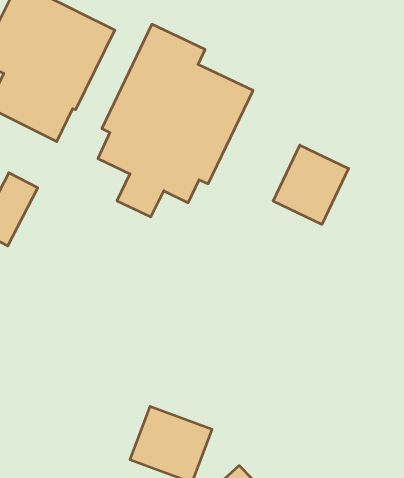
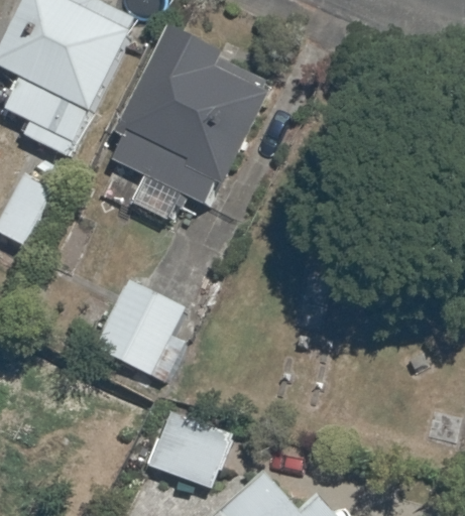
building: [273,145,349,224] -> none
building: none -> [95,279,183,372]

